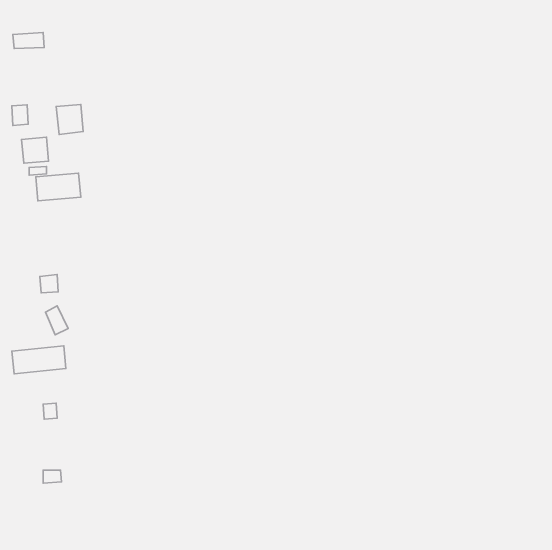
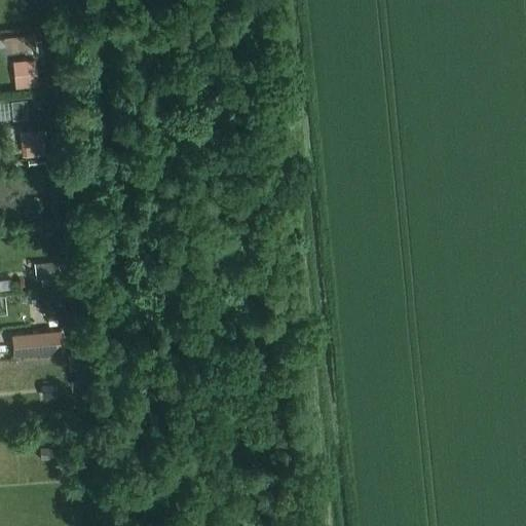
building: [56,104,83,135] -> [11,62,37,90]
building: [36,173,81,201] -> none

